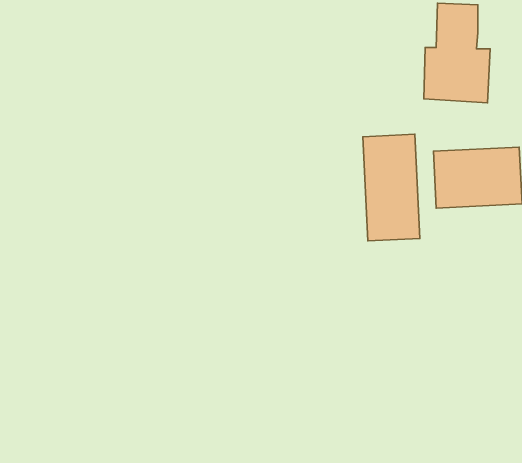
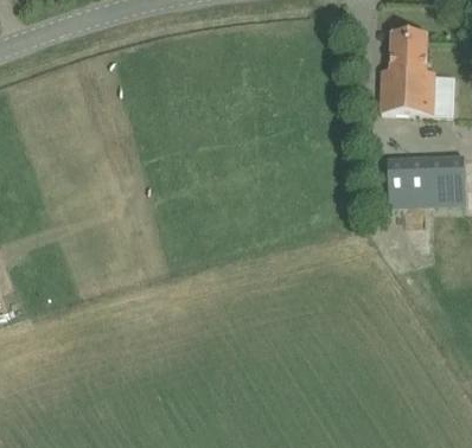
building: [363,134,420,241] -> none

